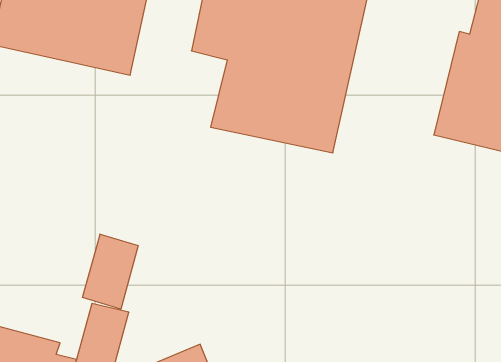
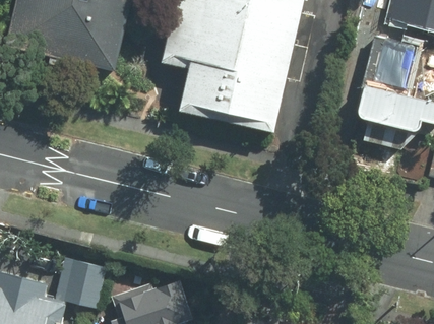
building: [83,234,138,309] -> none

